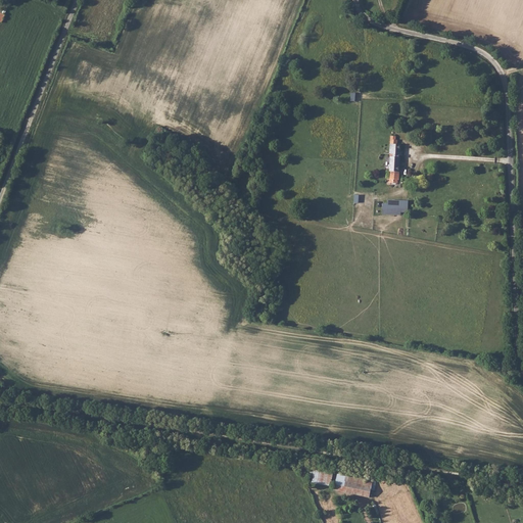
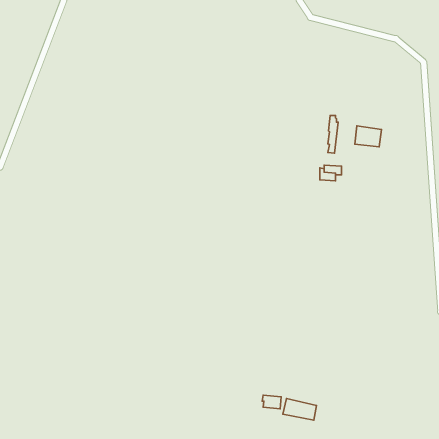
building: none -> [355,126,382,147]

